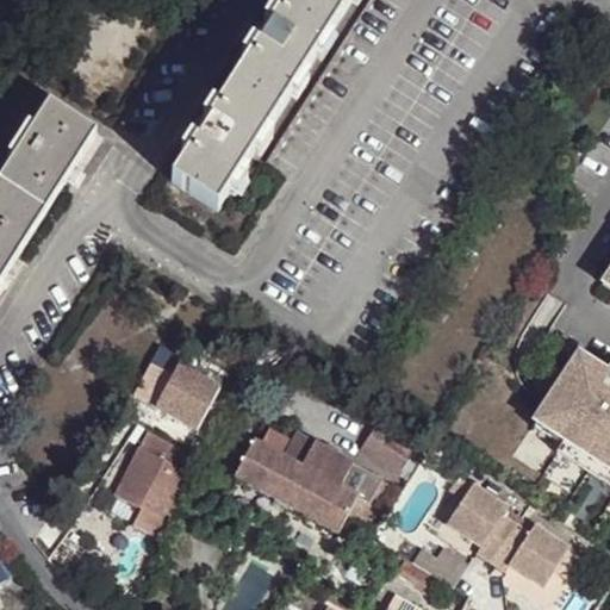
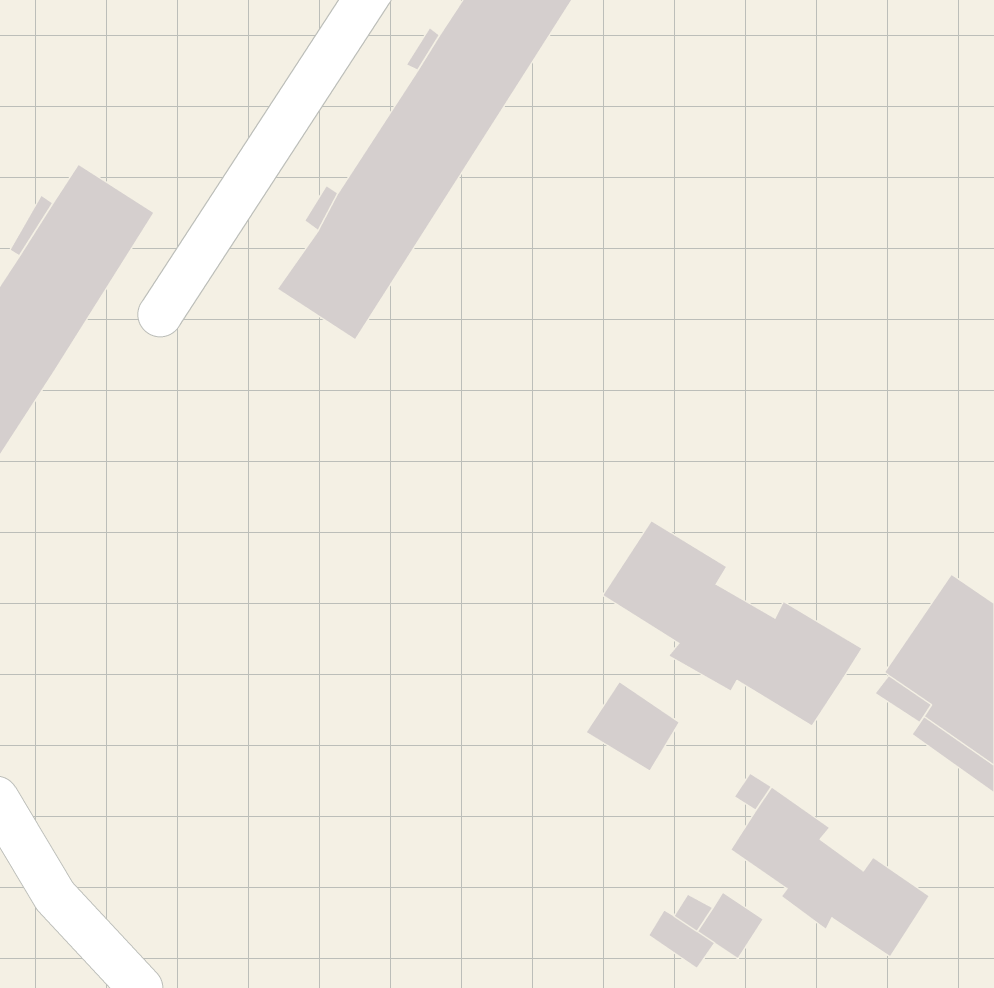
building: none -> [603,521,862,726]
building: [132,361,217,427] -> none
building: [232,424,393,530] -> none
building: [112,427,189,535] -> none

